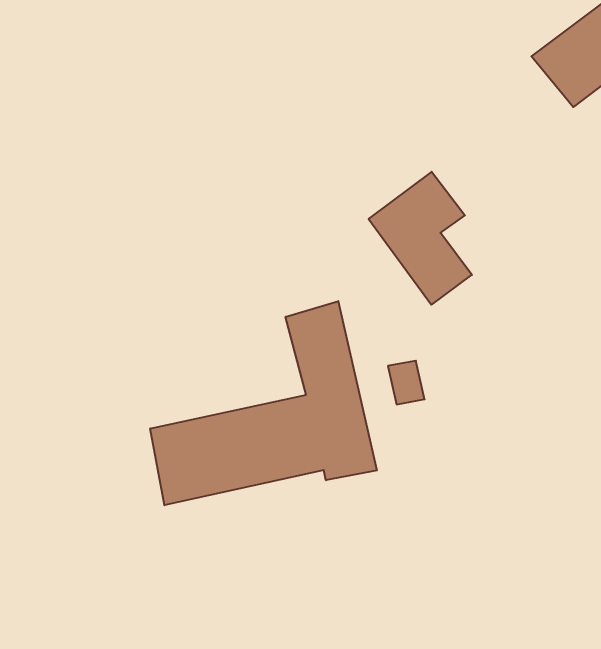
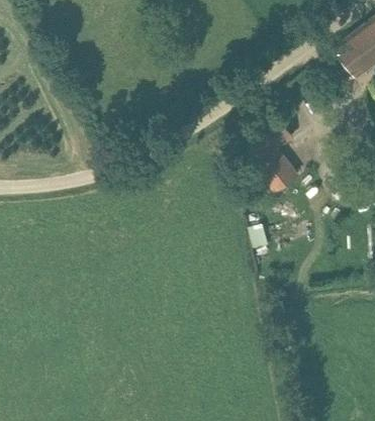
building: [150,301,377,505] -> none

